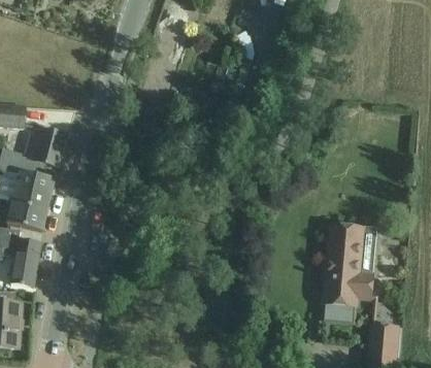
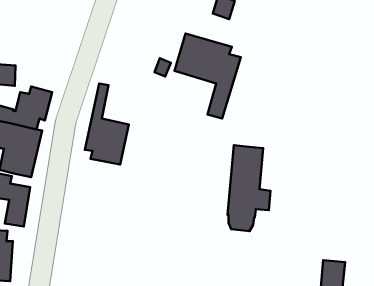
building: none -> [174,34,241,119]
building: none -> [85,83,129,165]
building: [324,225,372,322] -> [228,145,270,231]

